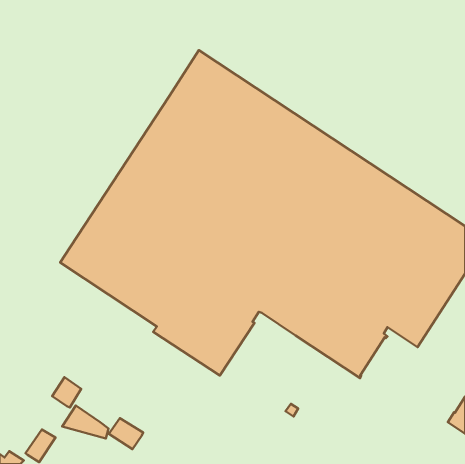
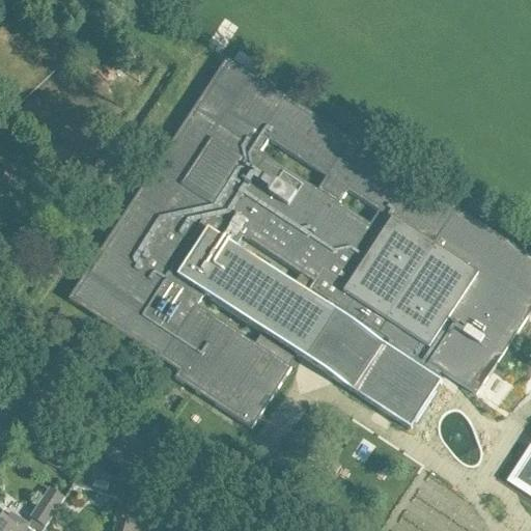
building: [52,377,81,408] -> none
building: [109,418,143,449] -> none

